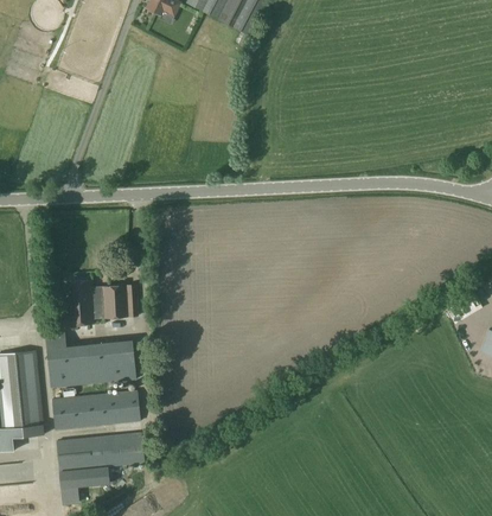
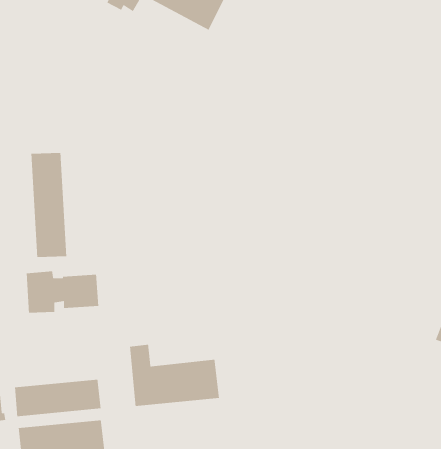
building: none -> [30,152,67,258]
building: [45,324,138,388] -> [129,344,220,407]

